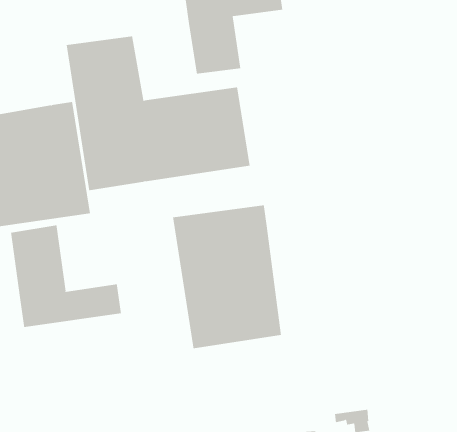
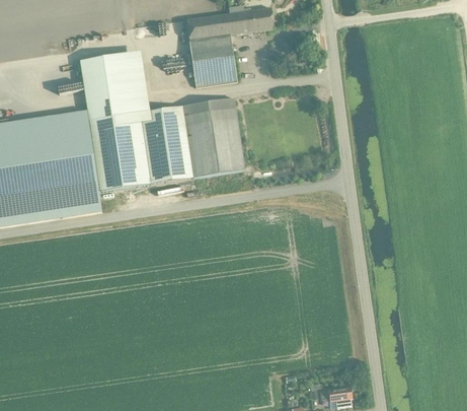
building: [173,204,281,349] -> none
building: [11,225,122,328] -> none

